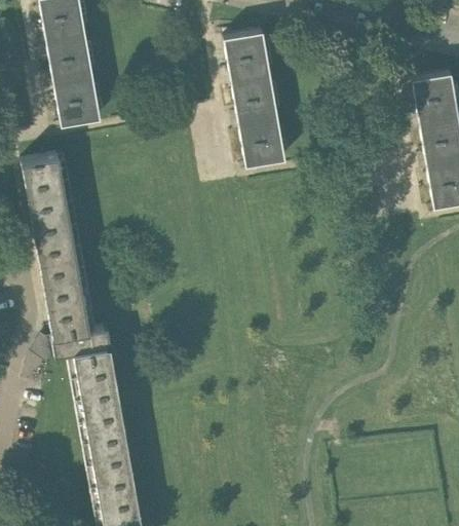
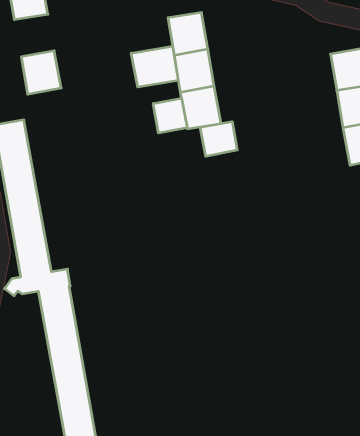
building: [46,34,92,83] -> none
building: none -> [131,46,178,87]
building: none -> [153,98,187,133]
building: none -> [200,122,237,156]

